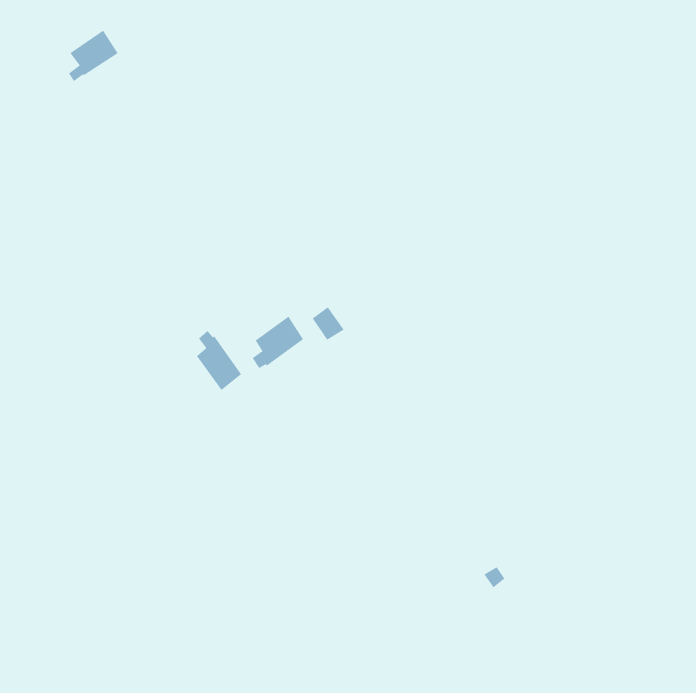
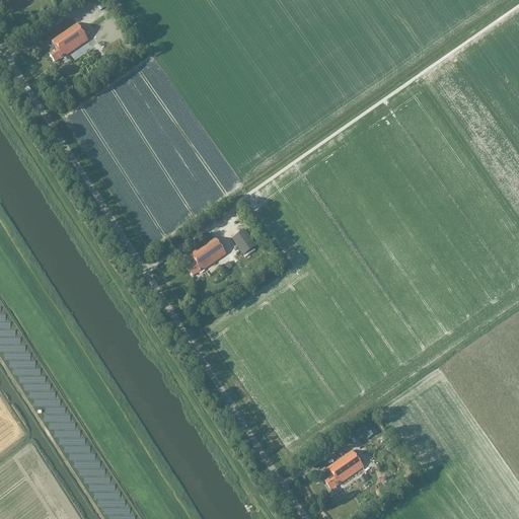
building: [196,330,242,391] -> none
building: none -> [324,449,364,488]

